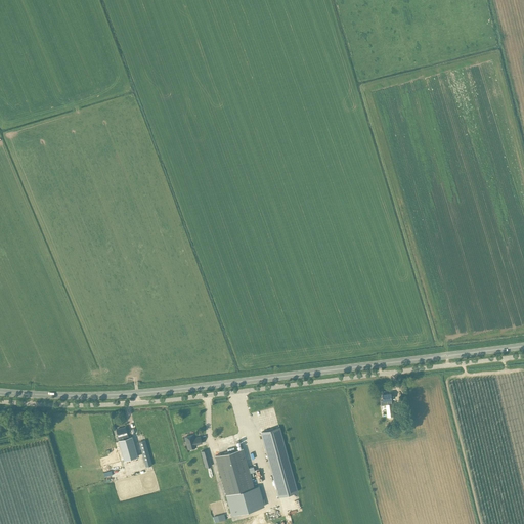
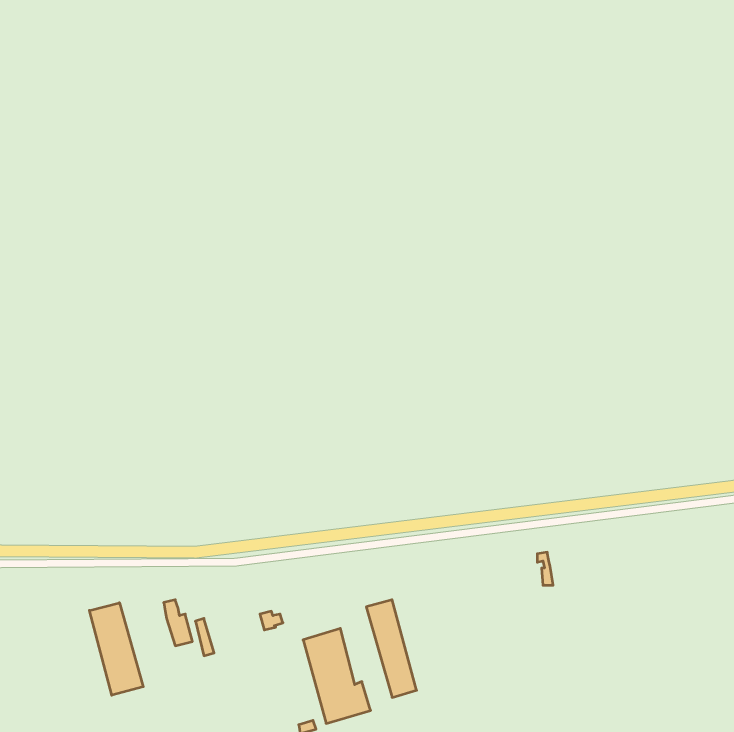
building: none -> [89,603,143,695]

